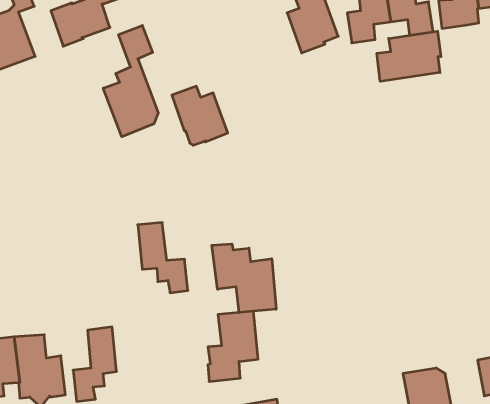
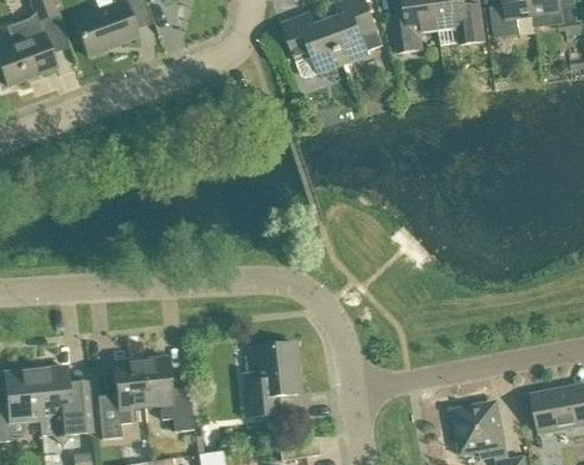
building: [103,25,158,137] -> none
building: [377,31,441,81] -> none
building: [172,86,228,145] -> [284,13,344,77]
building: [138,223,188,293] -> [140,356,194,431]
building: [212,244,276,313] -> none

